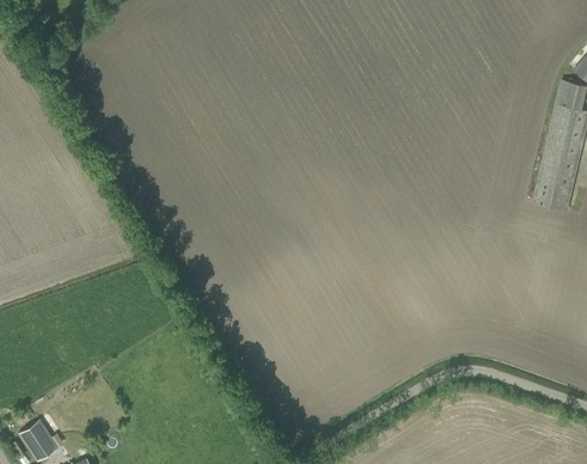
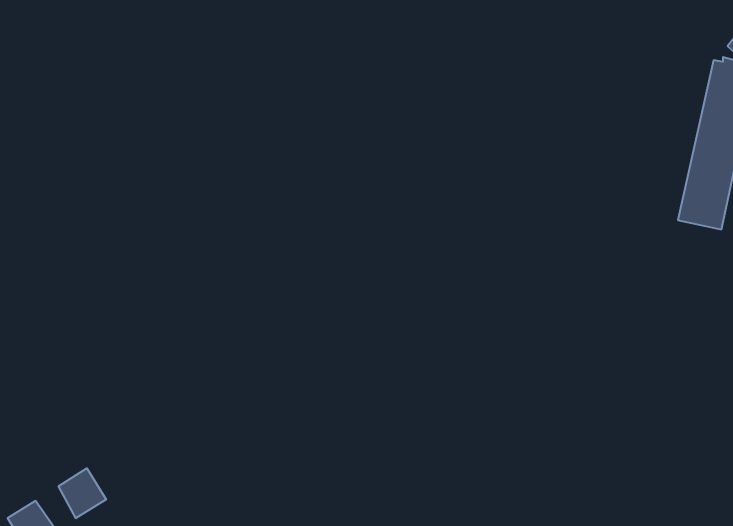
building: none -> [59,468,106,518]

